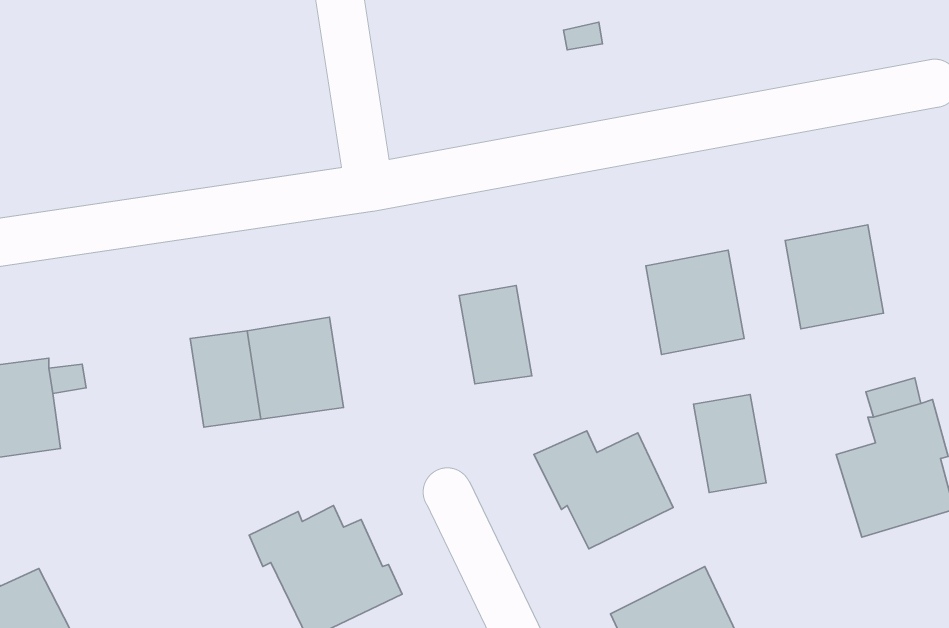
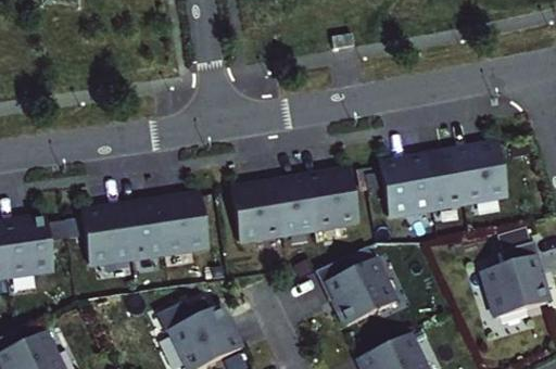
building: none -> [306,170,361,228]
building: none -> [229,183,283,241]
building: none -> [79,207,134,264]
building: [693,394,766,493] -> [424,153,464,207]

